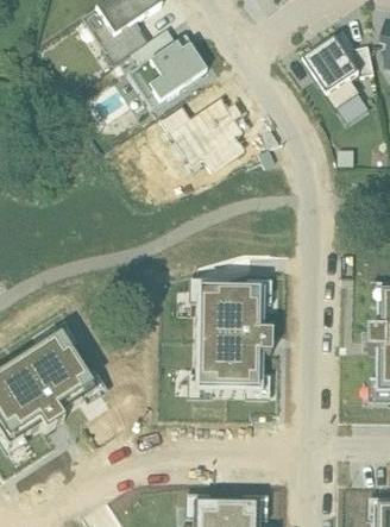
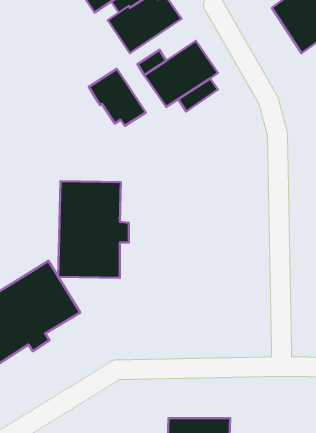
building: none -> [89,69,146,126]
building: [194,286,270,390] -> [58,181,129,278]

